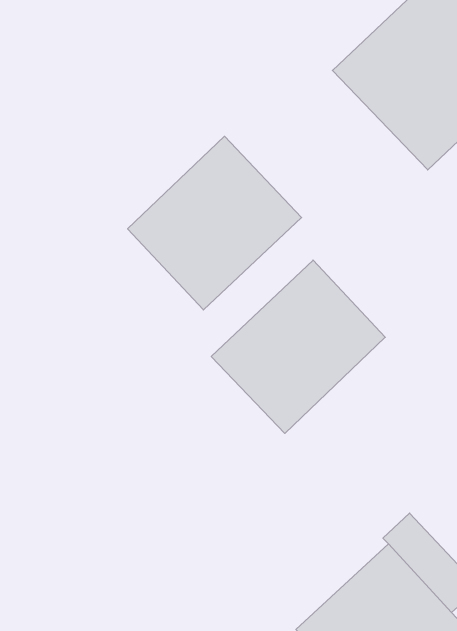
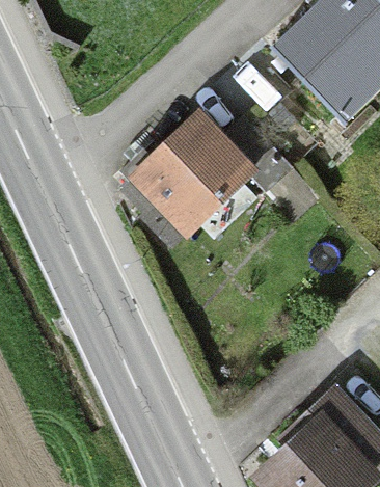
building: [211,260,385,433] -> none

